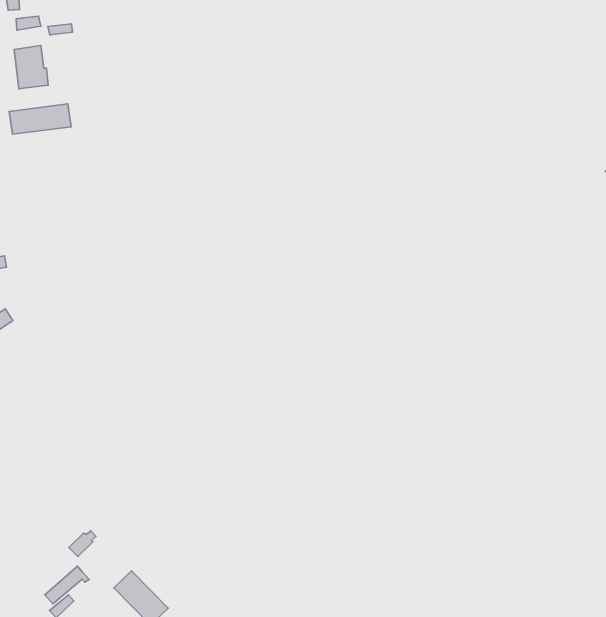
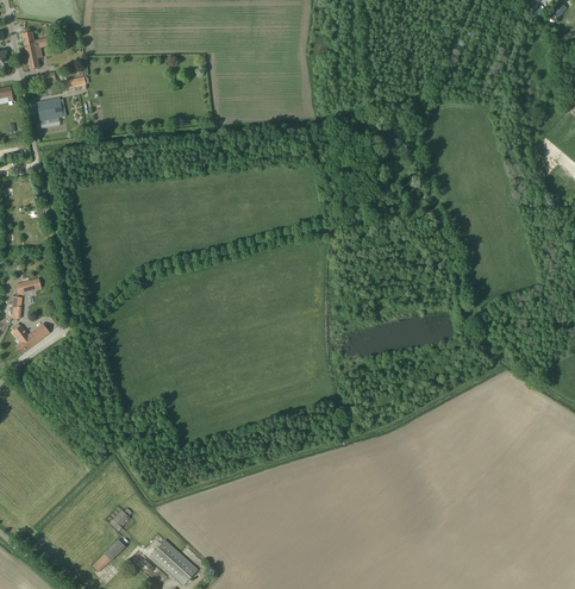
building: [9,104,71,134] -> none

